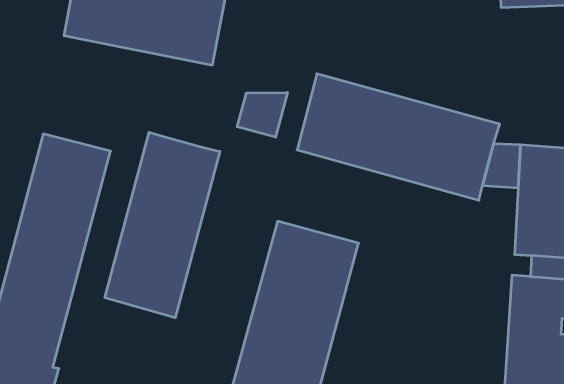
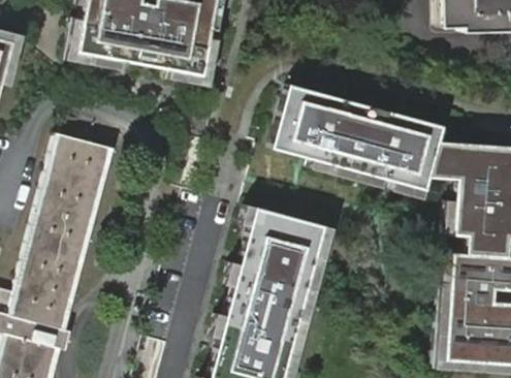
building: [237,92,287,137] -> none
building: [105,132,220,318] -> none

